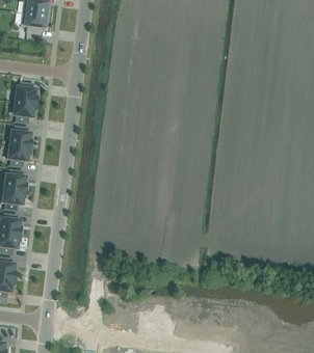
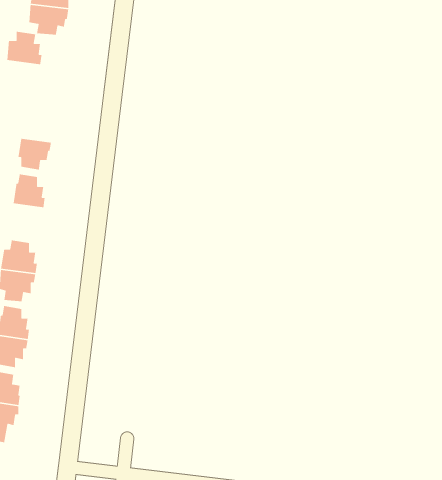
building: [14,81,37,104] -> [6,31,42,65]
building: [6,144,31,166] -> none

